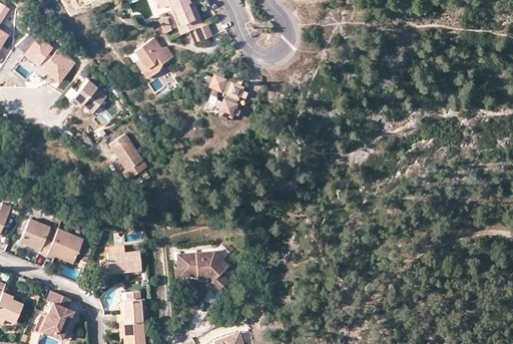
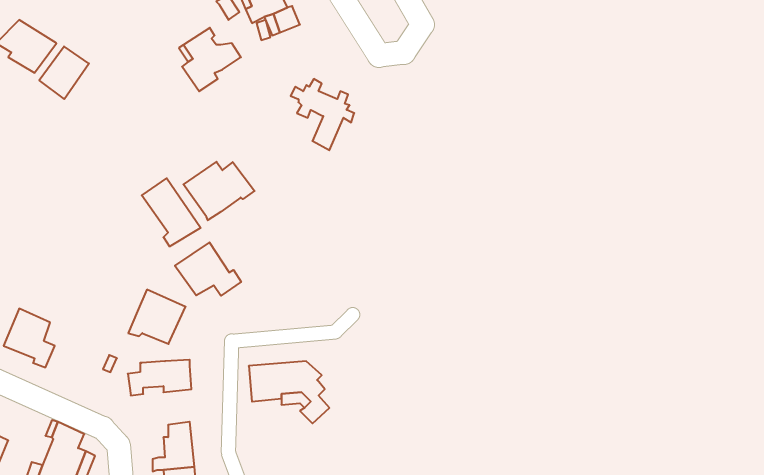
building: [71,81,108,114] -> none
building: none -> [183,162,255,220]
building: none -> [175,242,241,296]
building: [47,229,84,264] -> [128,290,186,344]

